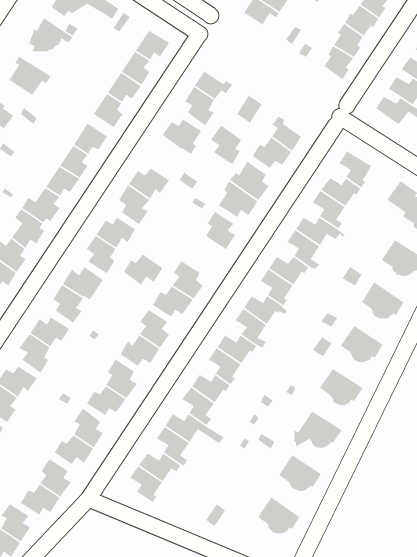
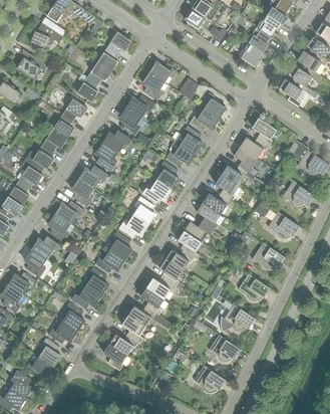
building: [210,124,242,165] -> [117,107,140,136]
building: [123,254,164,286] -> [142,179,172,202]

